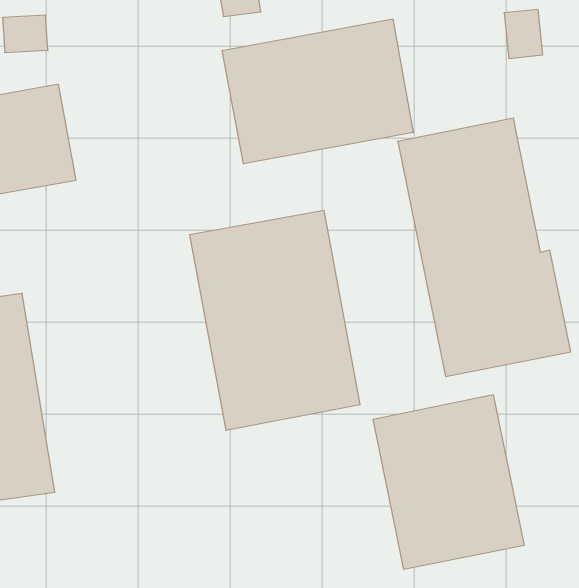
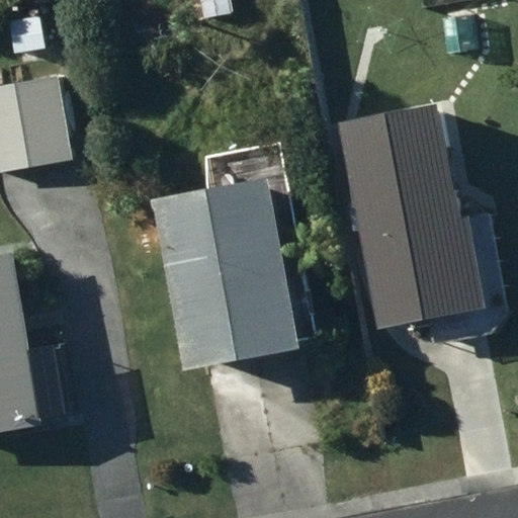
building: [222,19,413,164] -> none
building: [373,395,524,569] -> none

